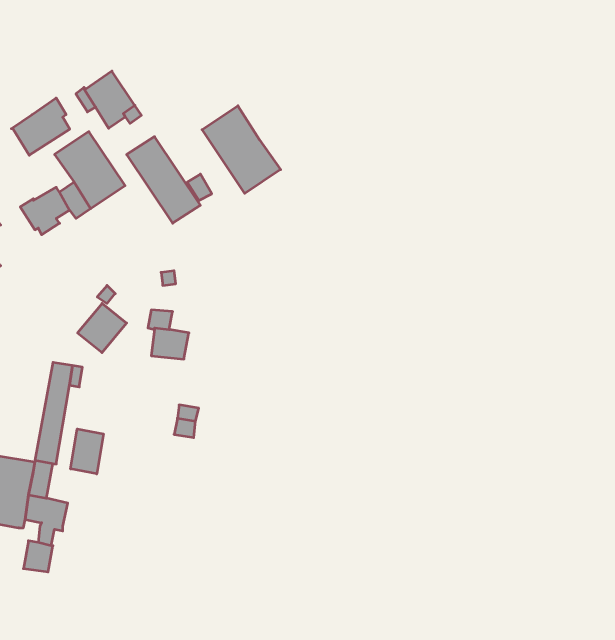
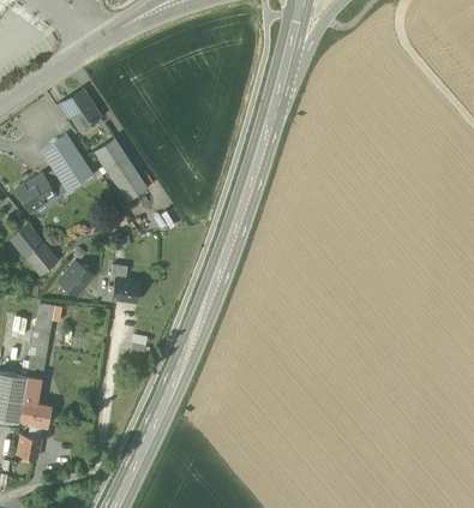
building: [11,98,70,155] -> none
building: [202,106,281,193] -> none
building: none -> [8,221,59,274]
building: [71,429,103,474] -> none

